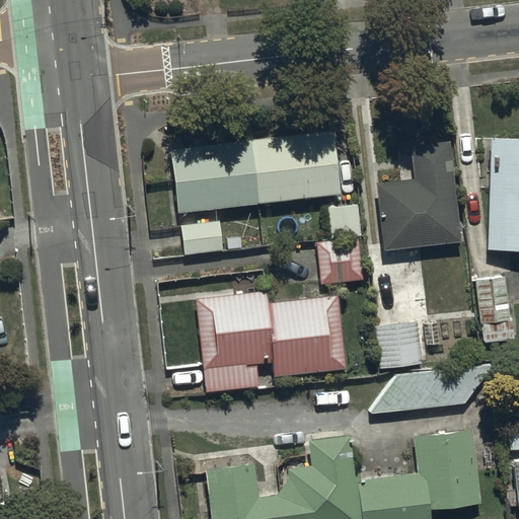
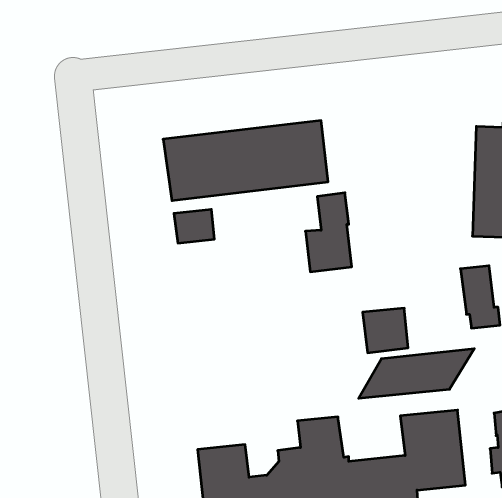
building: [376,141,461,249] -> none
building: [197,291,347,393] -> none

